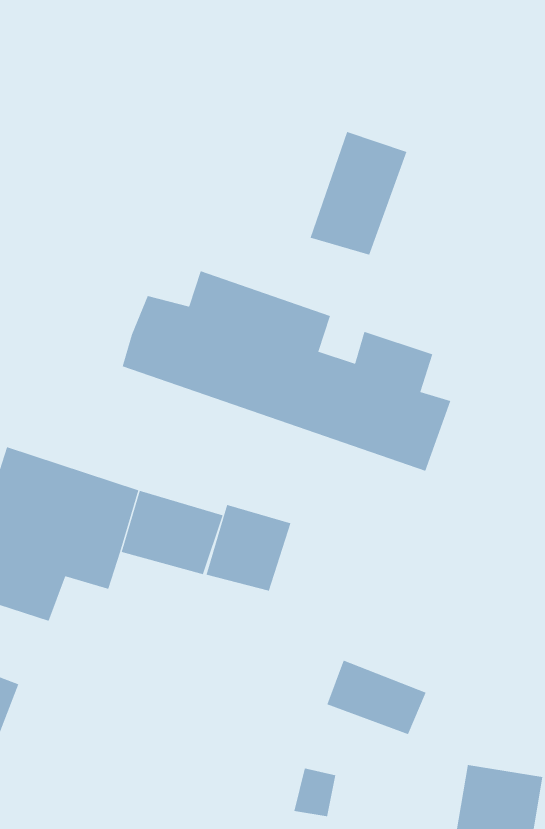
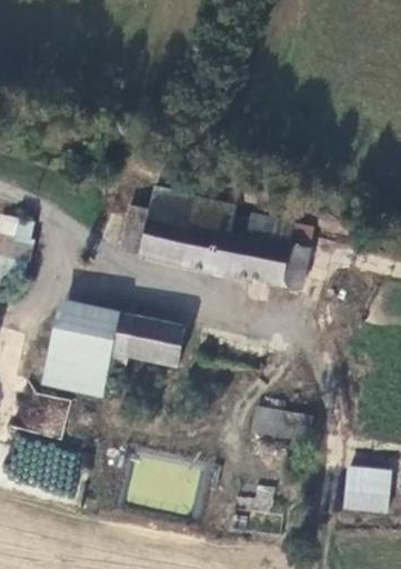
building: [310,131,407,256] -> none
building: [206,504,291,591] -> none

